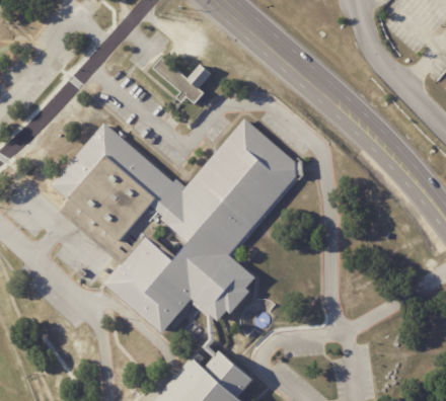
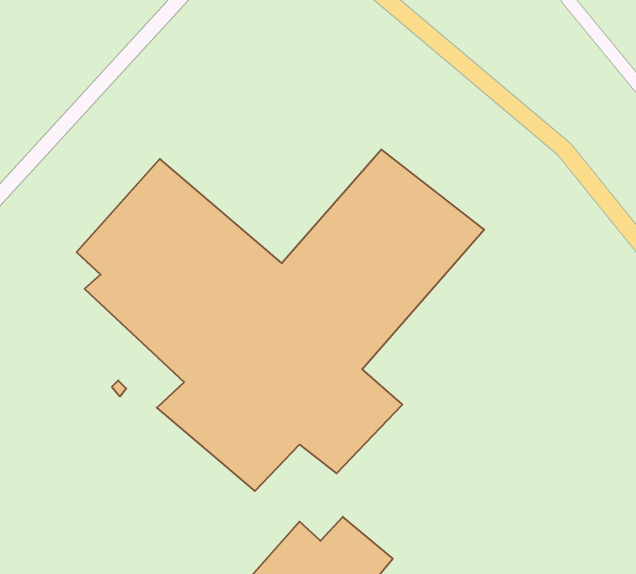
building: [152,55,213,107] -> none

